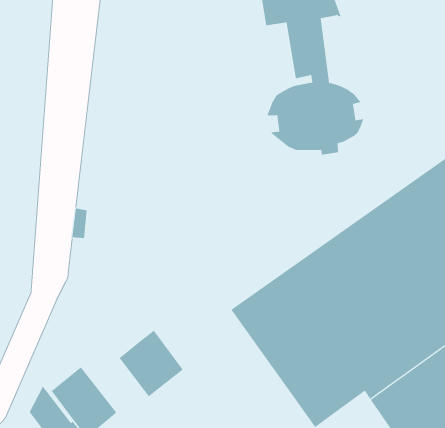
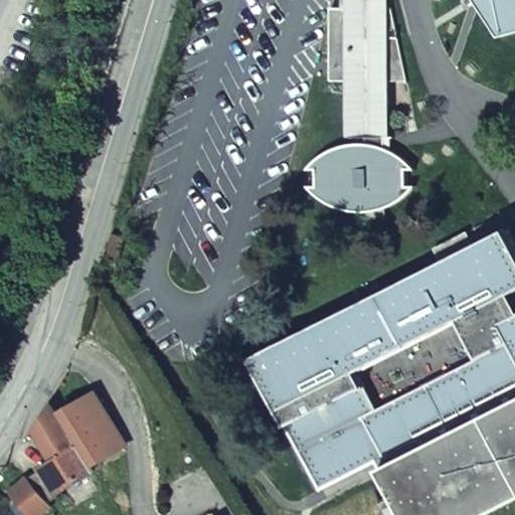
building: [119,330,184,397] -> none

